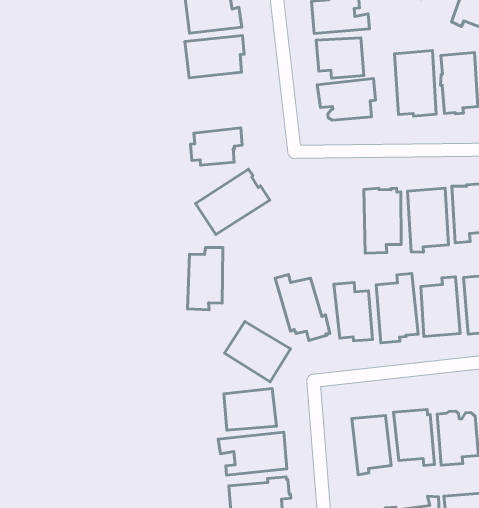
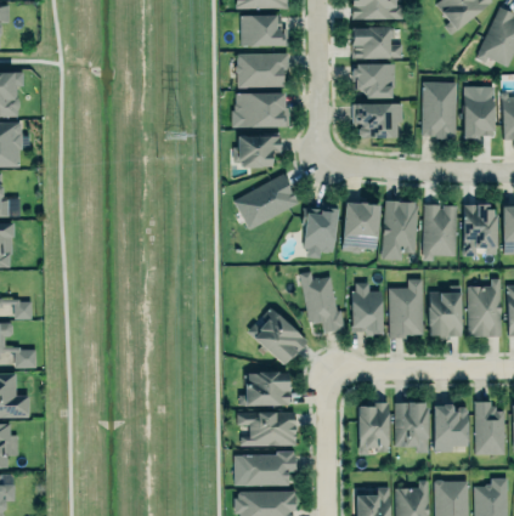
building: none -> [231,92,289,127]
building: none -> [341,202,379,253]
building: [187,247,223,310] -> [301,203,338,259]

